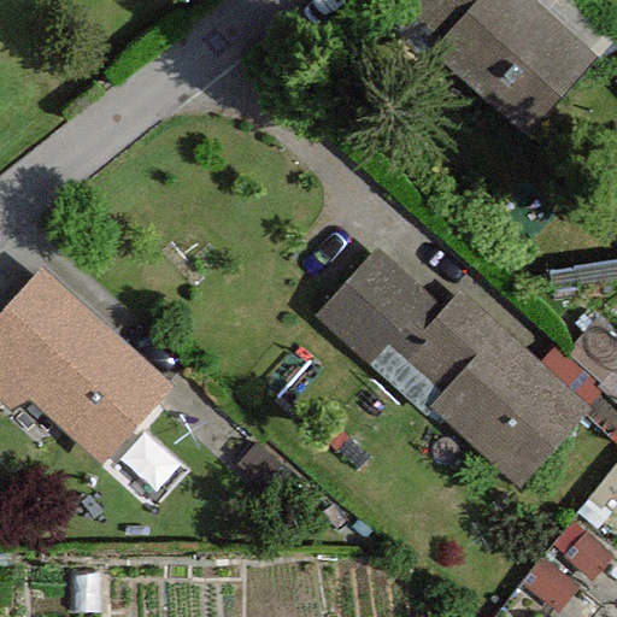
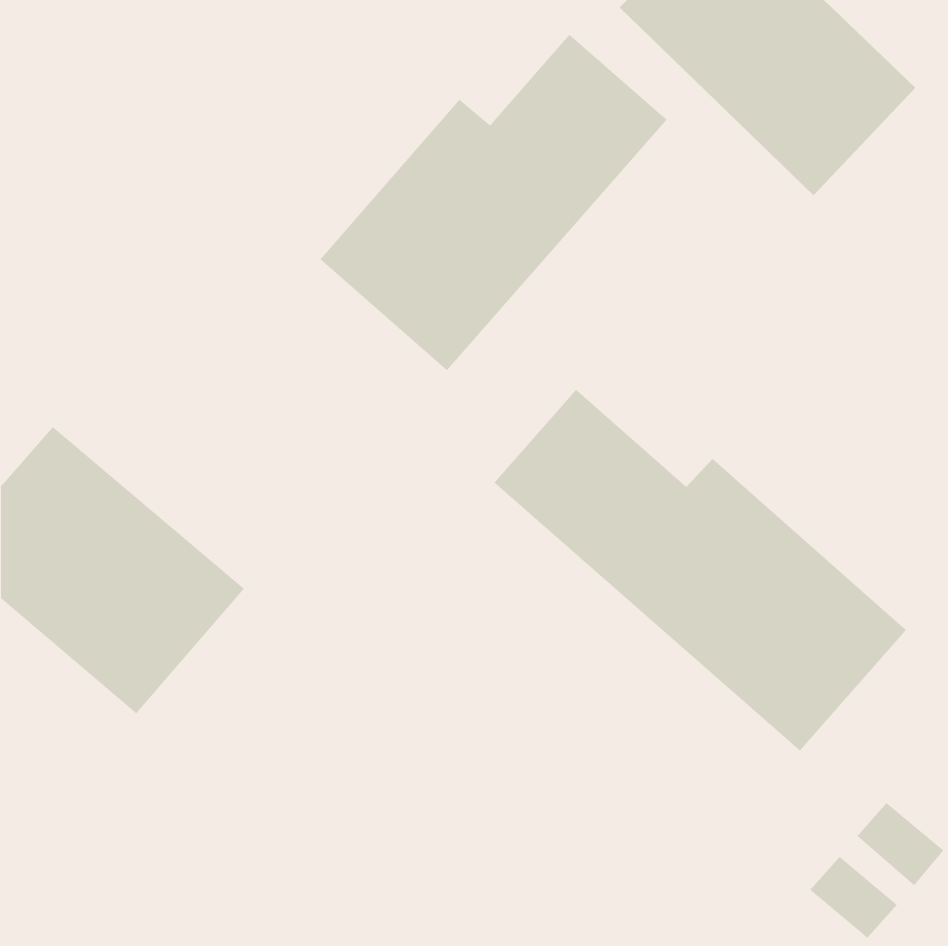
building: none -> [320,34,668,371]

